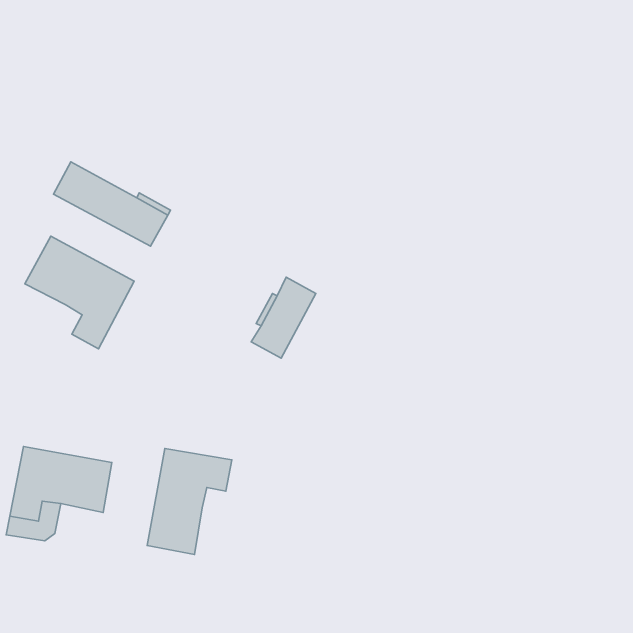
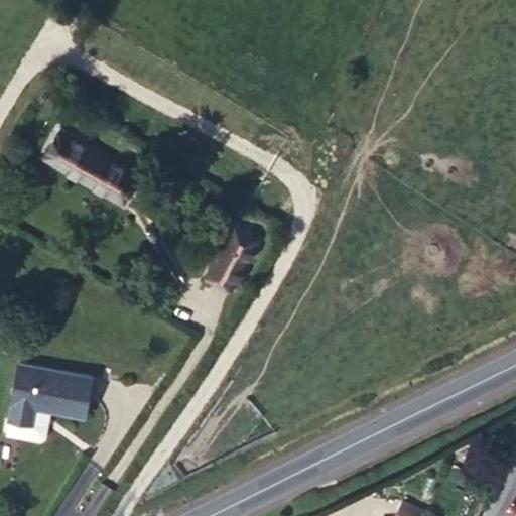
building: [25,236,134,349] -> none
building: [147,449,232,555] -> none

